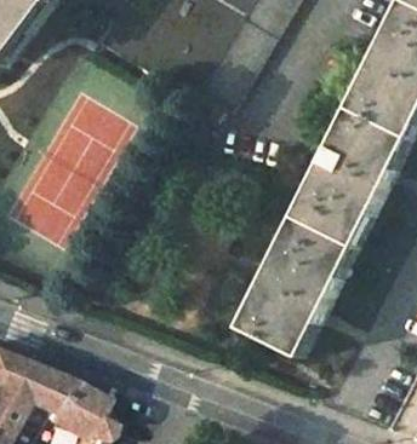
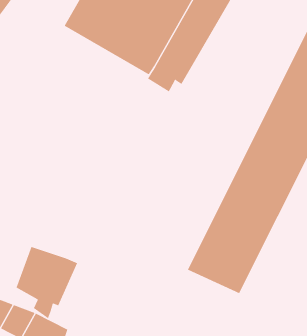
building: none -> [16,246,78,319]

